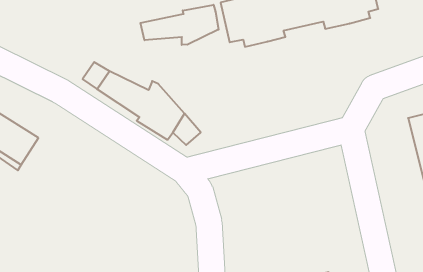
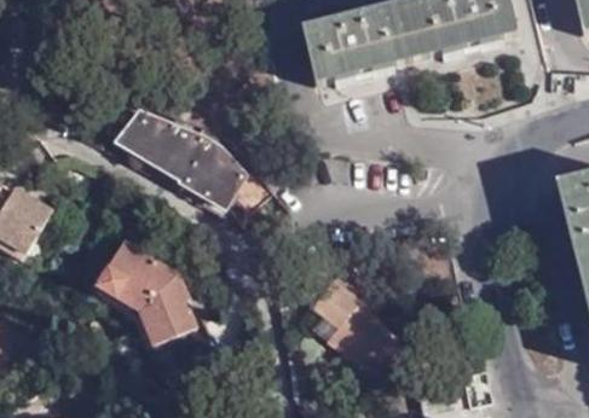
building: [140,5,219,45] -> none
building: none -> [98,238,196,339]
building: none -> [307,269,398,377]

